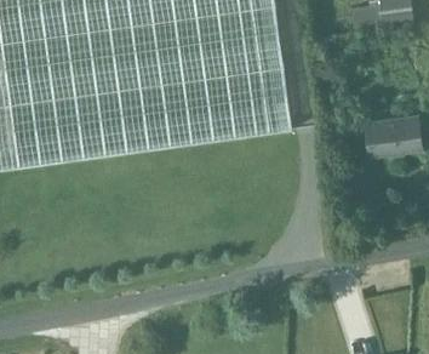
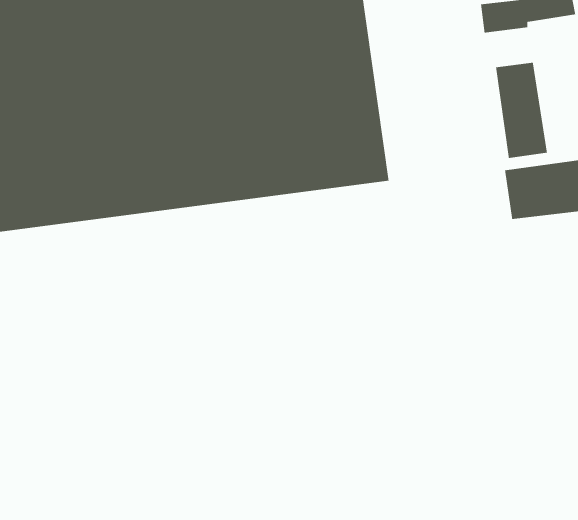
building: none -> [495,62,548,159]

